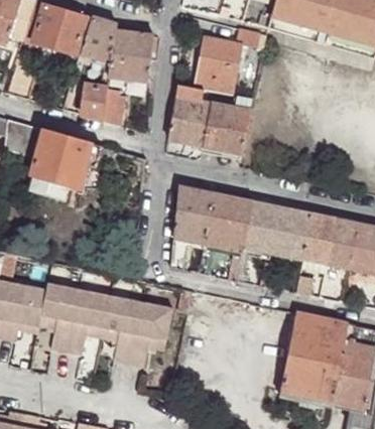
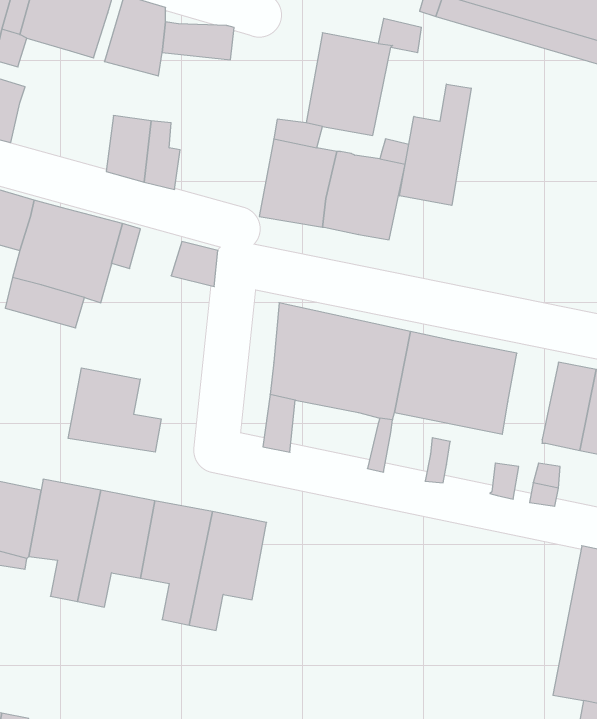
building: [110,46,152,79] -> none
building: none -> [399,84,471,205]
building: [304,214,336,265] -> none
building: none -> [68,368,161,452]
building: [279,311,349,406] -> none

